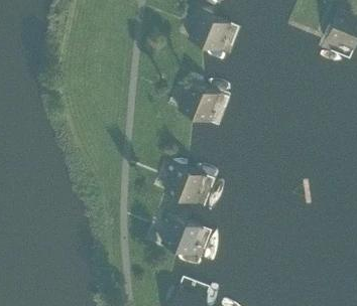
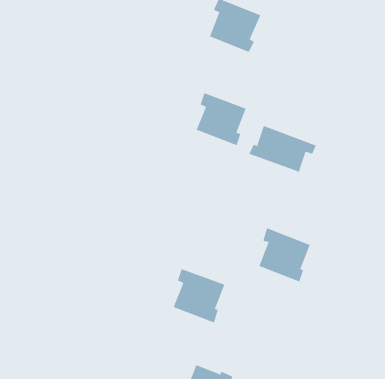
building: none -> [249,125,317,172]
building: [167,164,207,205] -> [258,228,311,282]

